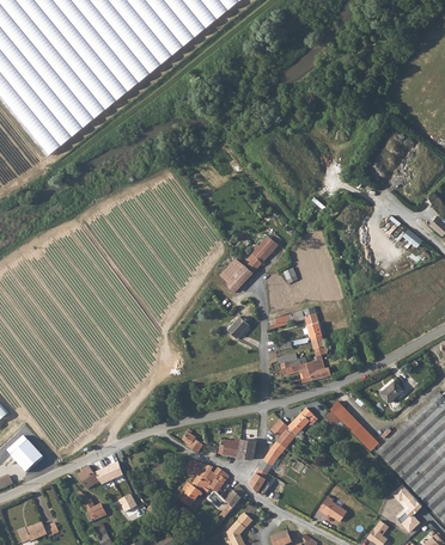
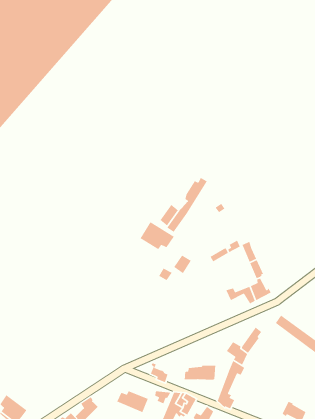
building: none -> [140,221,175,250]
building: none -> [116,390,149,413]

